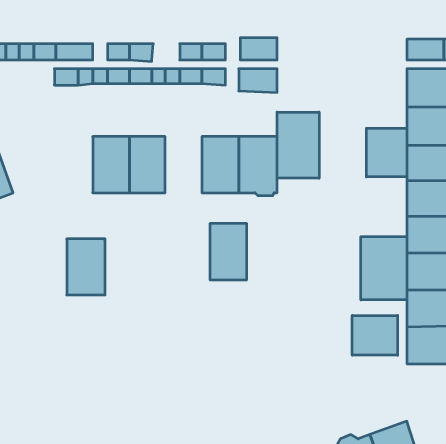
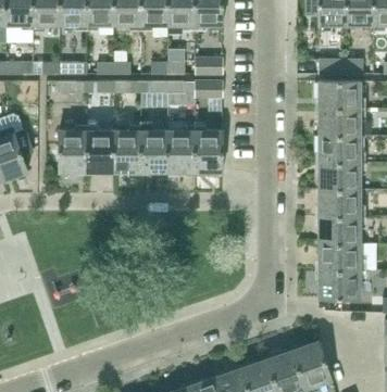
building: [277,112,319,178] -> none
building: [366,128,407,177] -> none
building: [210,224,247,280] -> [140,131,167,173]
building: [361,237,407,300] -> none
building: [67,239,105,295] -> [59,131,87,173]
building: [352,315,398,355] -> none

